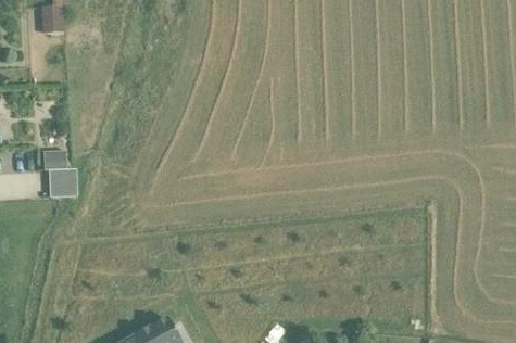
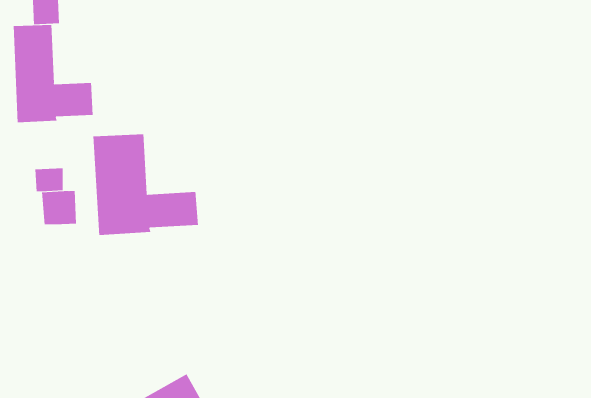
building: none -> [13,24,93,123]
building: none -> [93,133,198,236]

